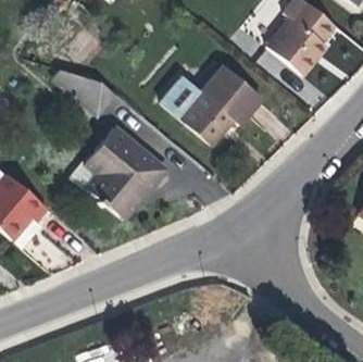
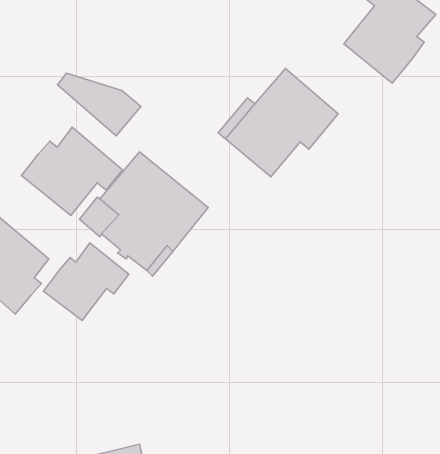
building: none -> [21,127,122,216]
building: none -> [43,243,129,320]

